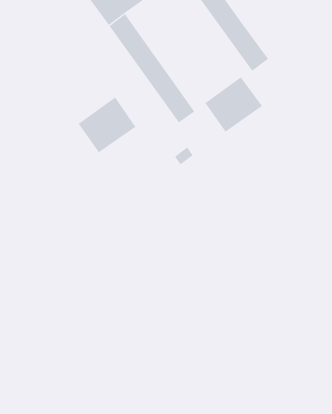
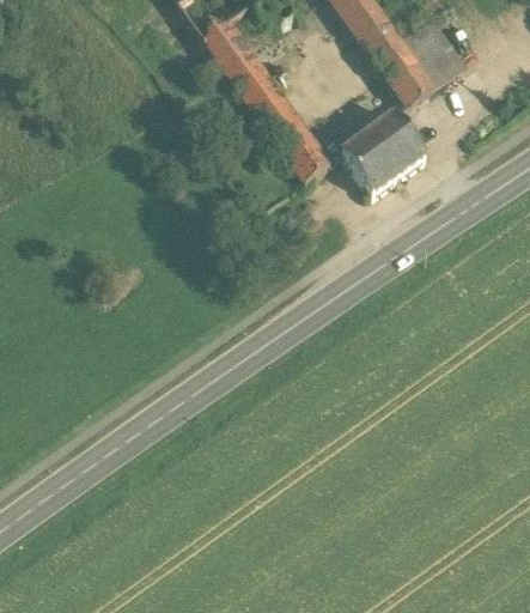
building: none -> [400,18,462,84]
building: [78,97,136,153] -> none

